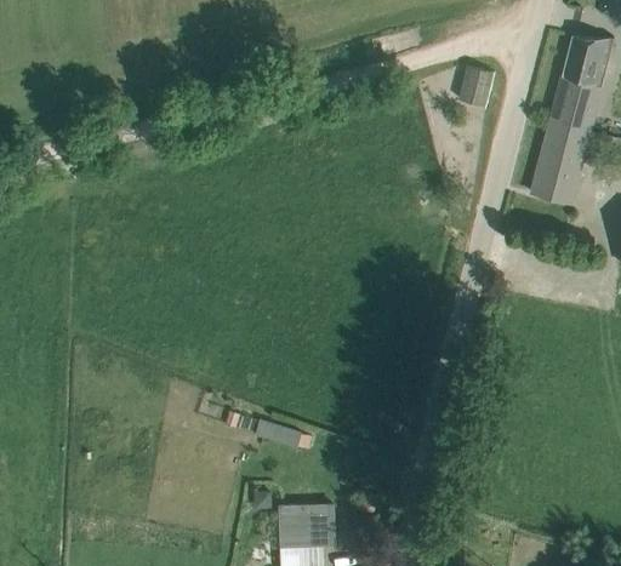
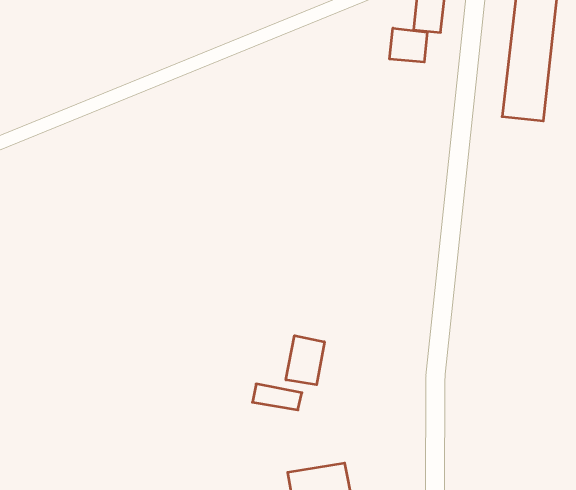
building: none -> [390,28,427,62]
building: none -> [286,336,324,385]

